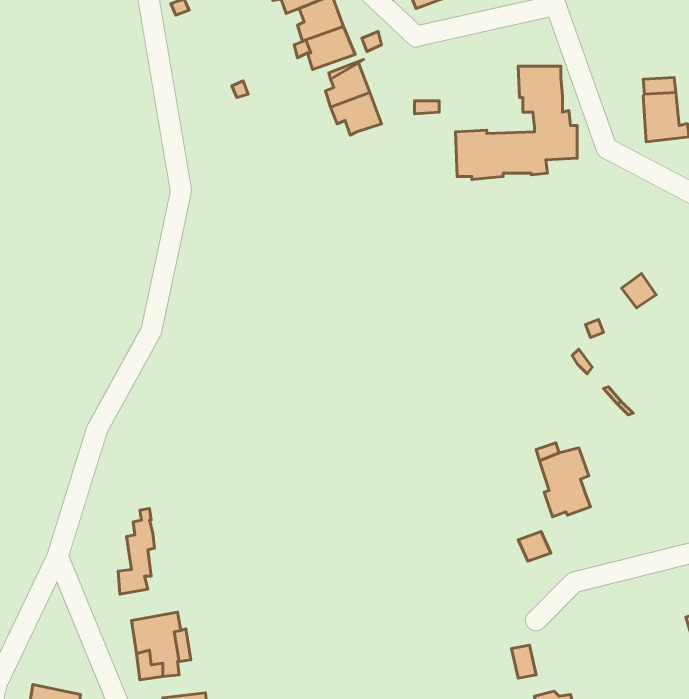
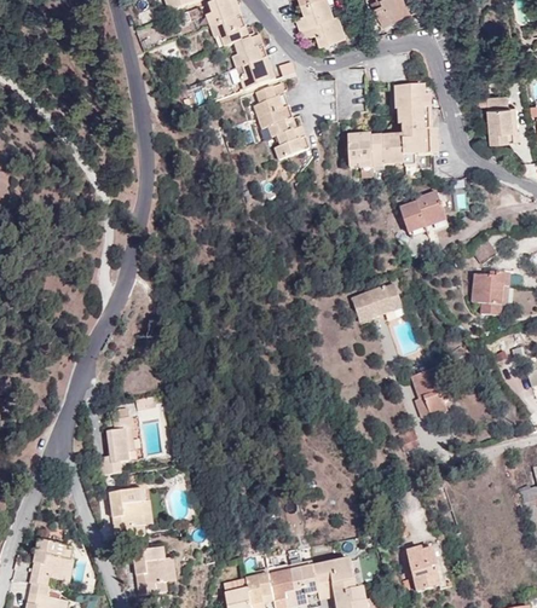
building: none -> [275,127,312,168]
building: none -> [399,191,445,231]
building: none -> [472,272,510,314]
building: none -> [352,284,403,322]

